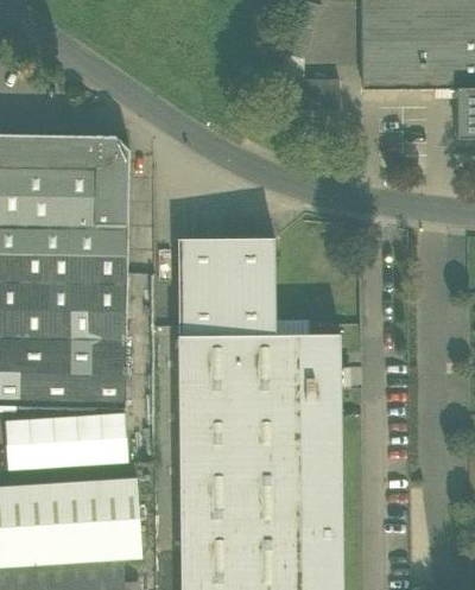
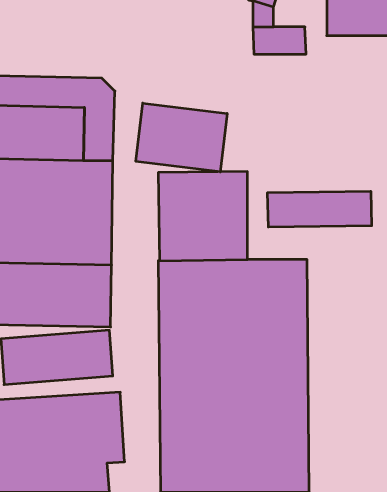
building: none -> [136,103,227,172]
building: none -> [268,191,372,227]

